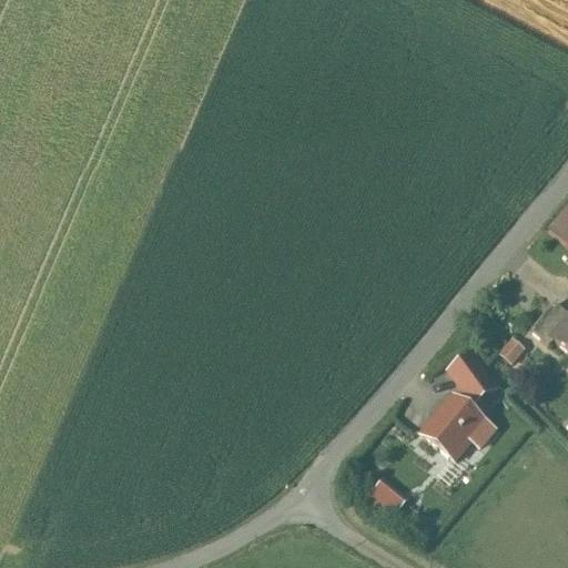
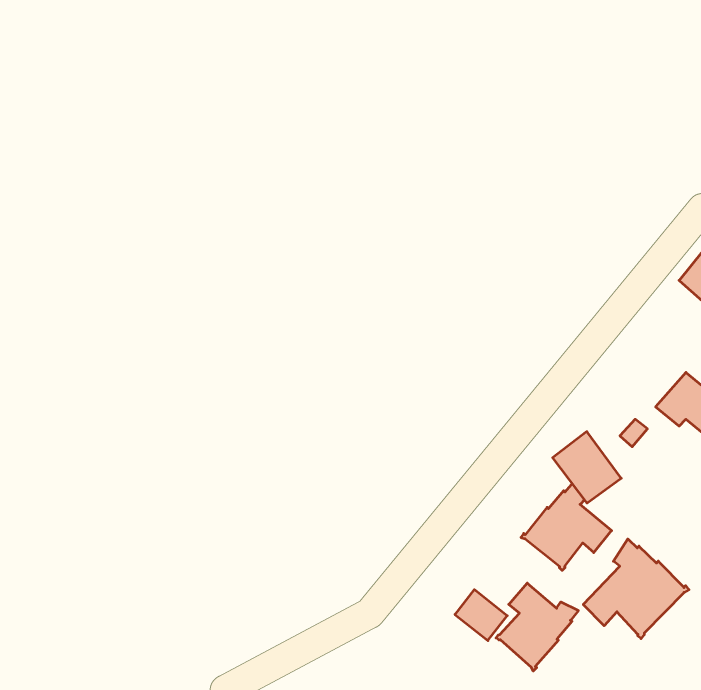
building: none -> [583,539,689,639]
building: none -> [496,583,578,671]

